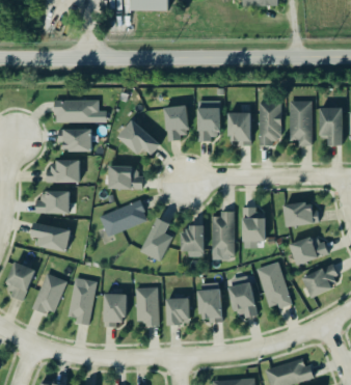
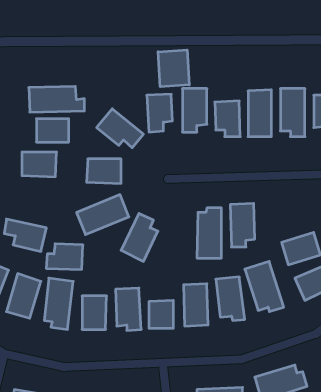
building: none -> [158,50,189,87]
building: [35,190,70,214] -> [46,244,83,269]
building: [284,201,317,226] -> none
building: [181,225,204,255] -> none

